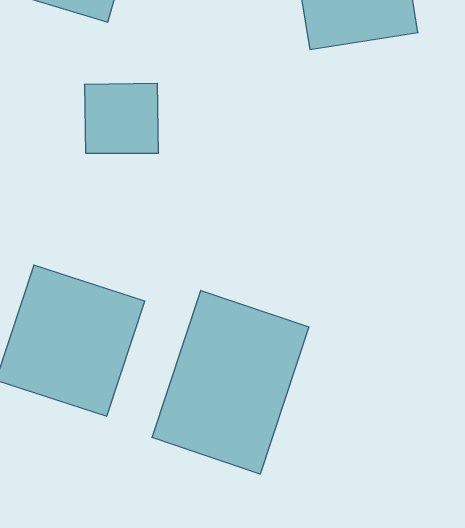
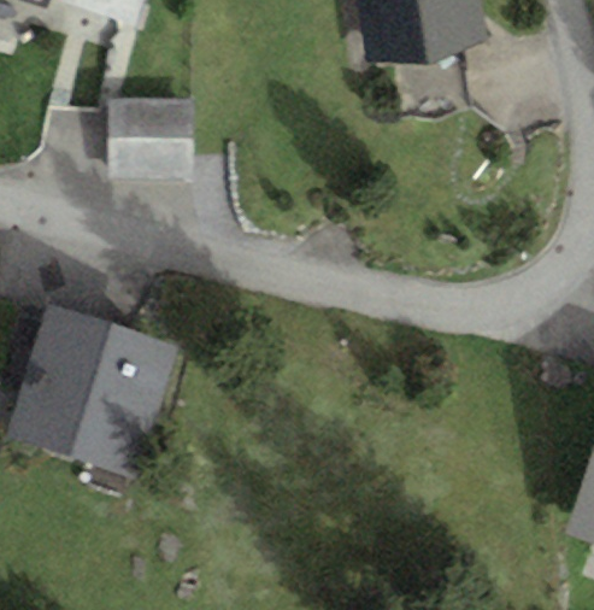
building: [152,290,309,474] -> none

